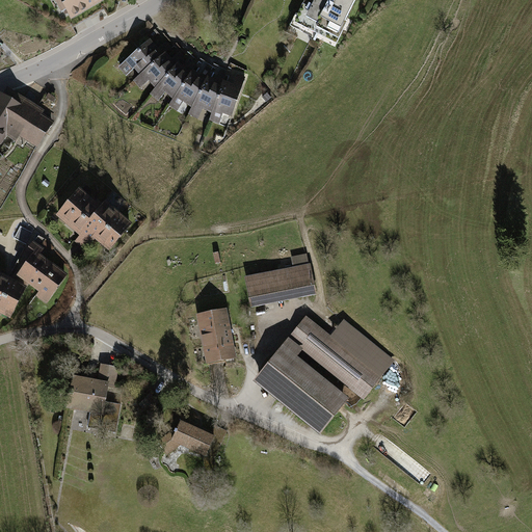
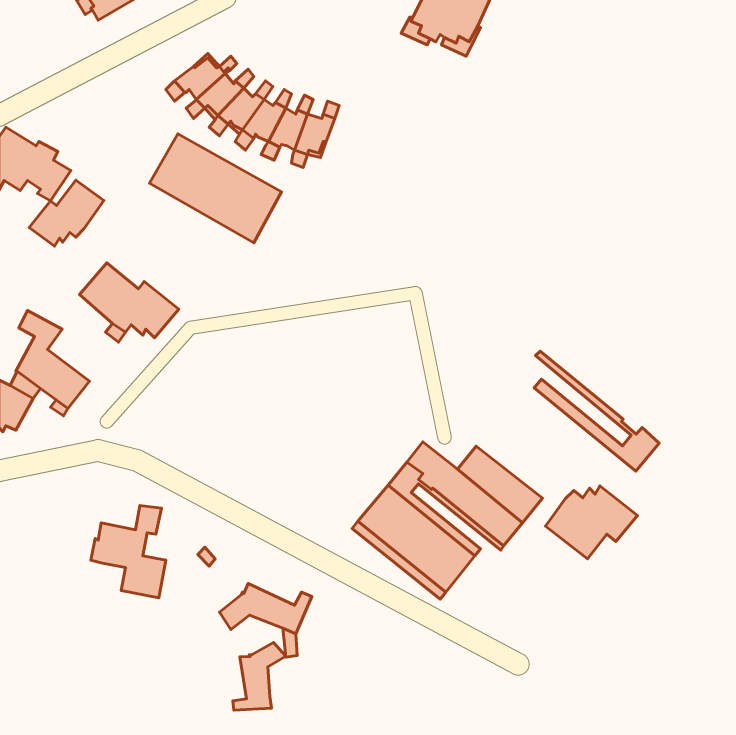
building: none -> [150,134,281,243]
building: none -> [29,180,104,246]
building: [246,252,313,302] -> none
building: none -> [534,351,659,471]
building: [198,311,233,357] -> none
building: none -> [546,486,637,559]
building: none -> [233,642,286,710]

